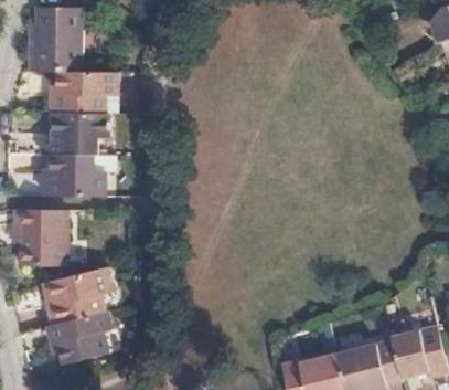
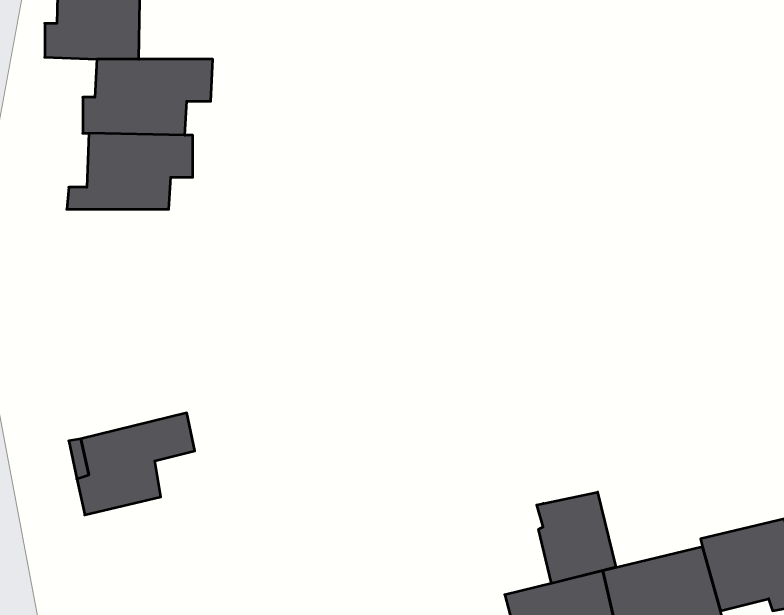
building: [40,155,103,196] -> none
building: [17,208,66,264] -> none
building: [46,310,110,365] -> none
building: none -> [537,492,616,583]

